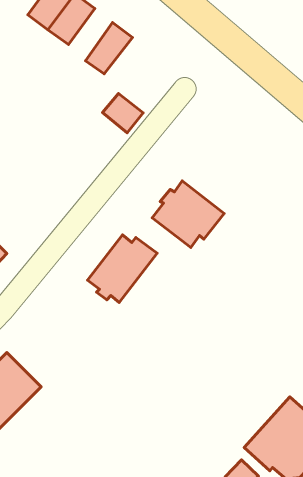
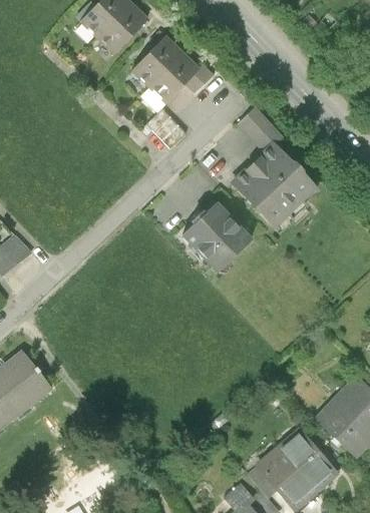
building: none -> [150,52,215,102]
building: none -> [229,114,318,229]
building: [87,235,157,303] -> none

